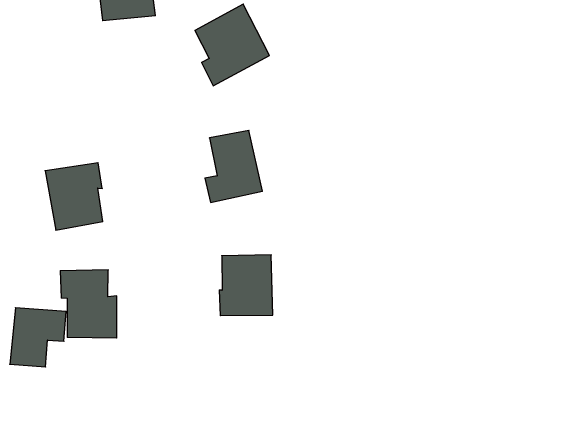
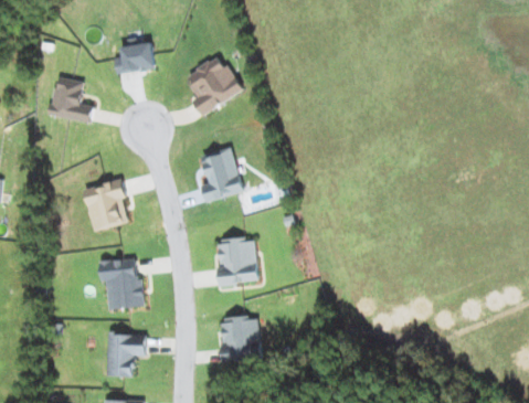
building: none -> [50,76,93,123]
building: [10,308,66,367] -> [107,333,146,375]
building: none -> [220,316,262,361]

